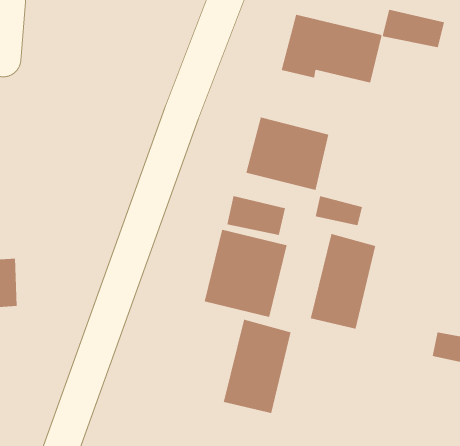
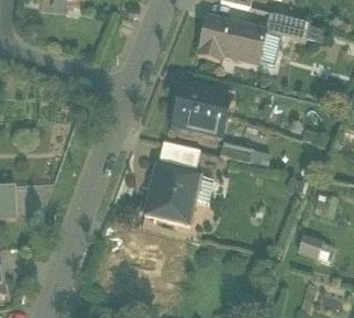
building: [310,233,376,329] -> none
building: [223,319,291,414] -> none

